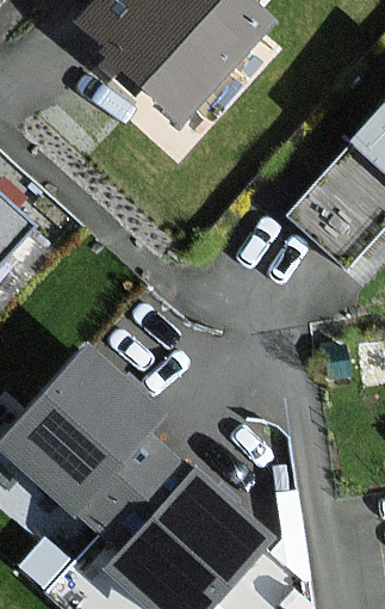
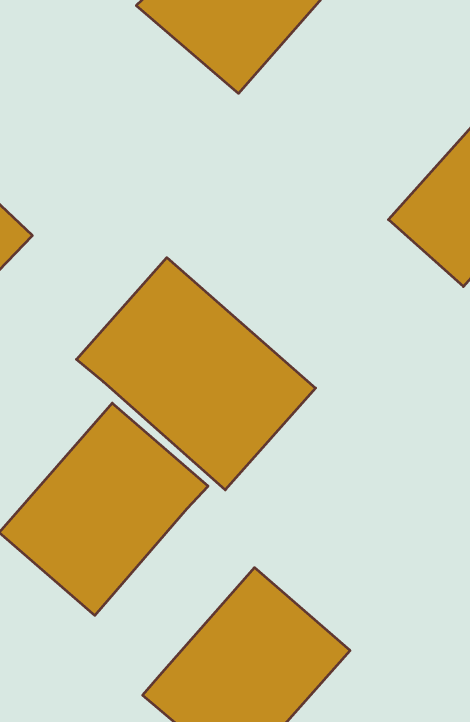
building: none -> [76,258,316,490]
building: [75,429,194,552] -> none

